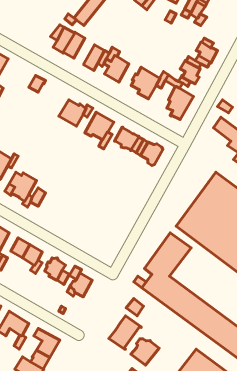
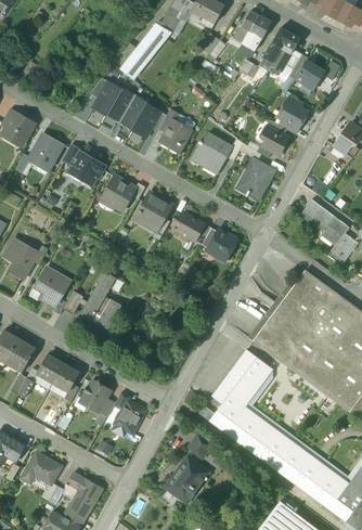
building: none -> [295,61,324,88]
building: none -> [120,95,148,129]
building: none -> [29,133,63,168]
building: none -> [72,154,105,184]
building: none -> [81,272,122,328]
building: [131,339,159,365] -> none

